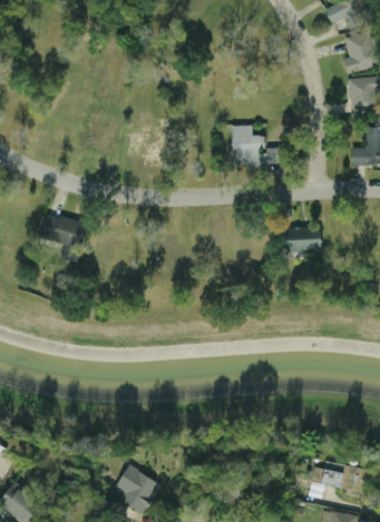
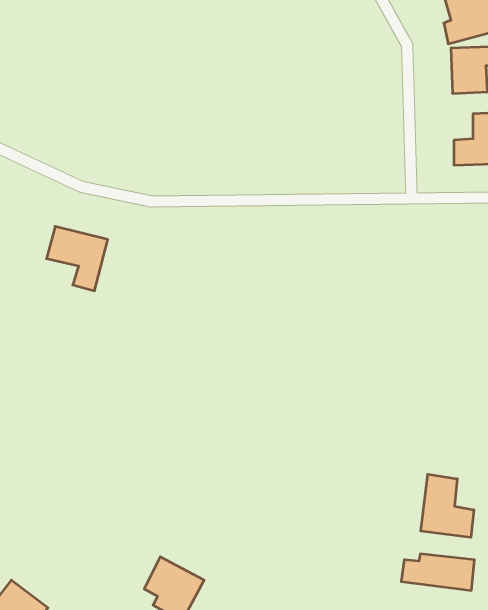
building: [232,126,284,167] -> none
building: [283,226,321,254] -> none
building: none -> [421,474,474,537]

